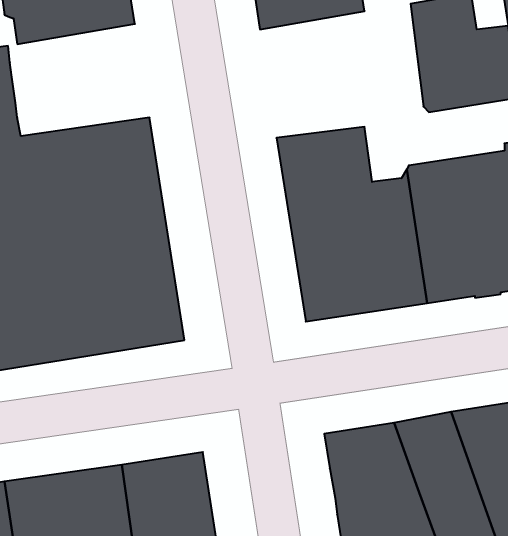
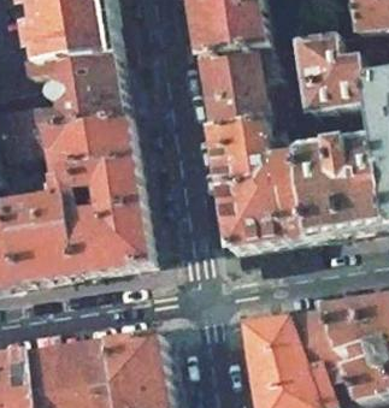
building: none -> [194,42,271,125]
building: none -> [29,51,123,124]

